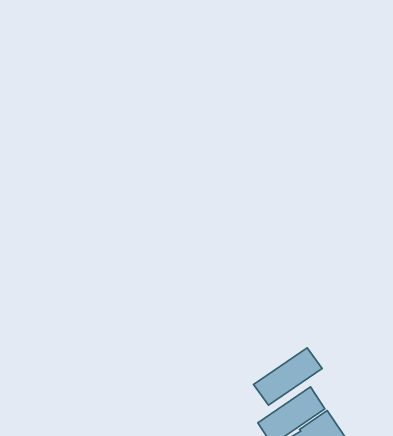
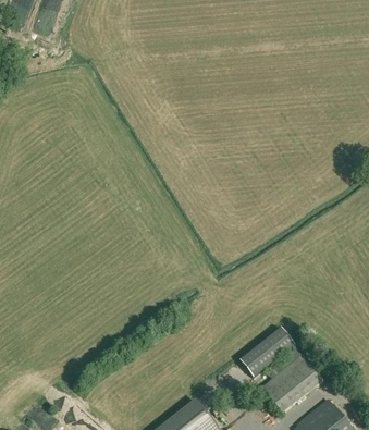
building: [254,348,322,405] -> none

